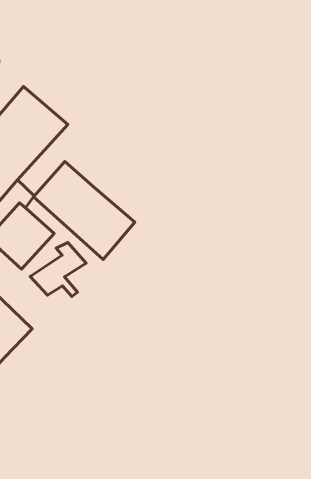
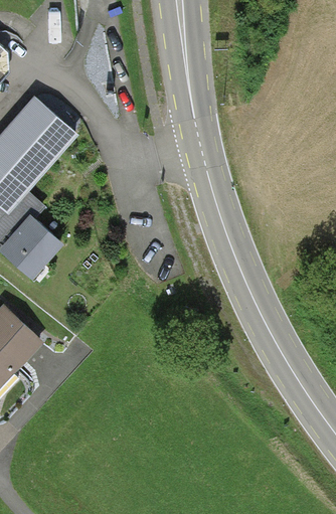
building: [33,162,135,260] -> none
building: [30,242,86,297] -> none

